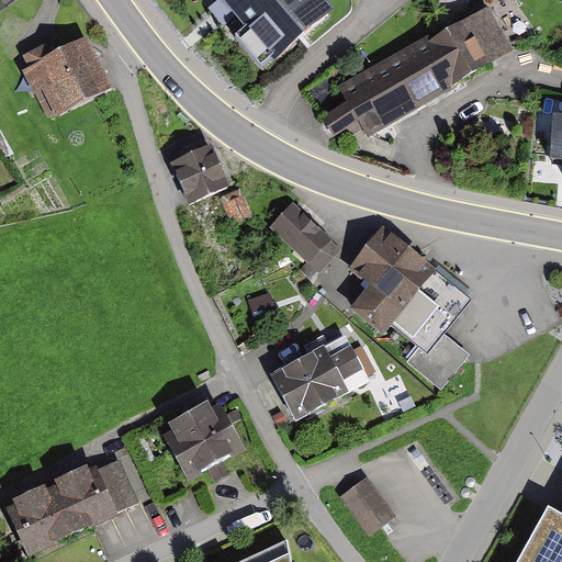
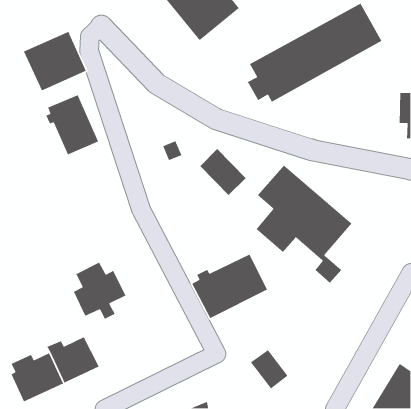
building: none -> [45,94,99,155]
building: [167,139,225,199] -> none
building: [168,398,240,477] -> [73,262,126,320]

